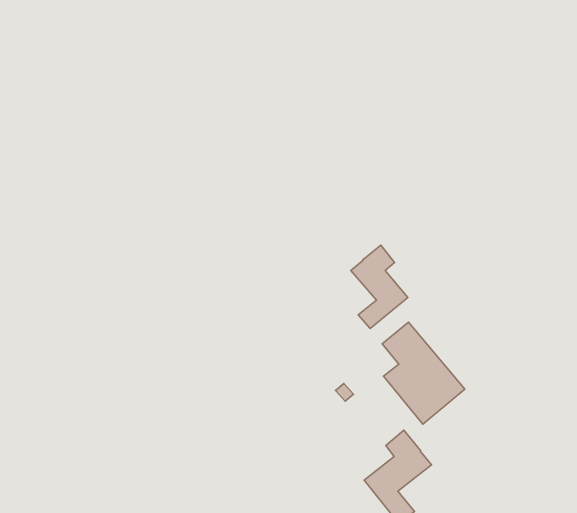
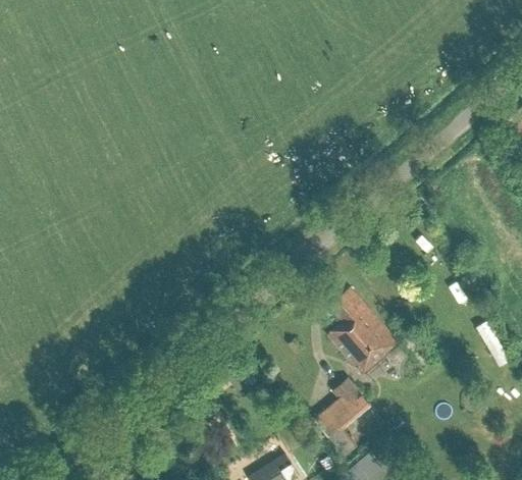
building: [351,245,408,329] -> none

